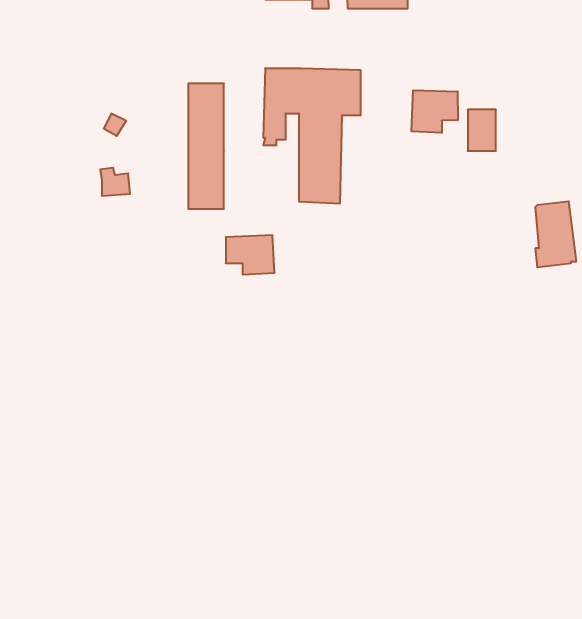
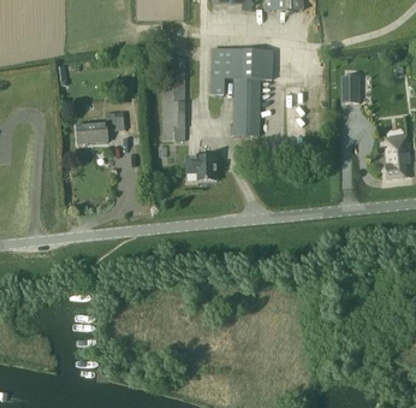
building: [412,90,458,133] -> none
building: none -> [77,120,108,142]

